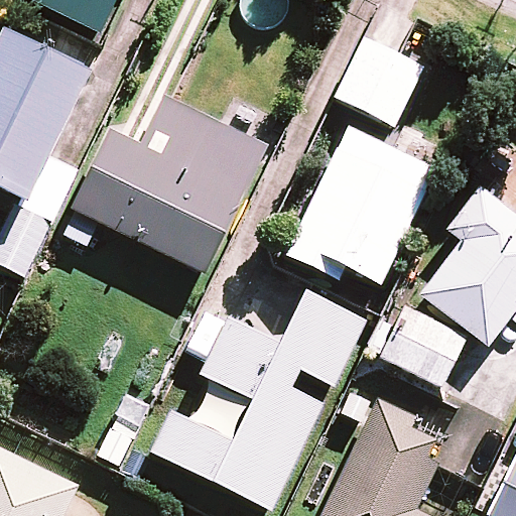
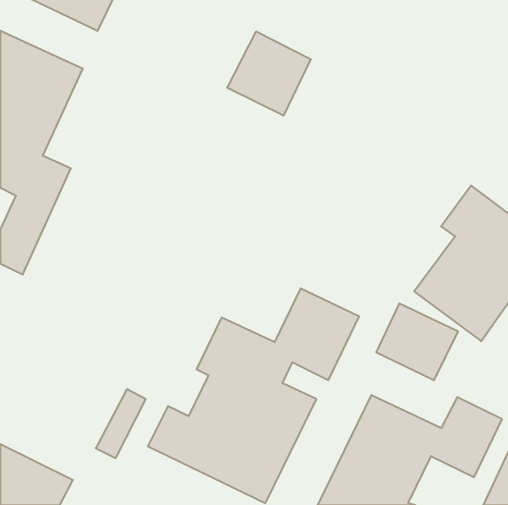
building: [336,39,420,124] -> [227,32,311,115]
building: [60,97,267,272] -> none
building: [286,127,434,282] -> none

